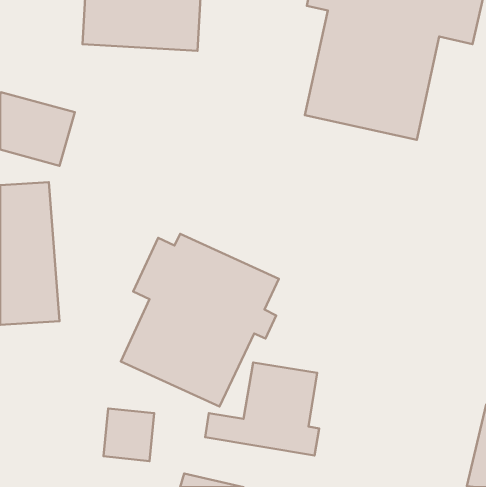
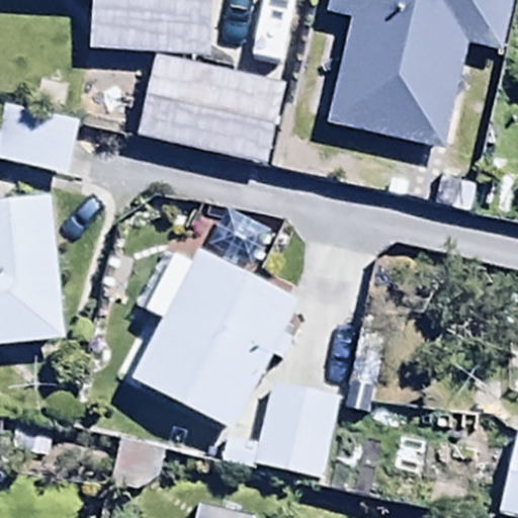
building: none -> [134,54,285,165]

